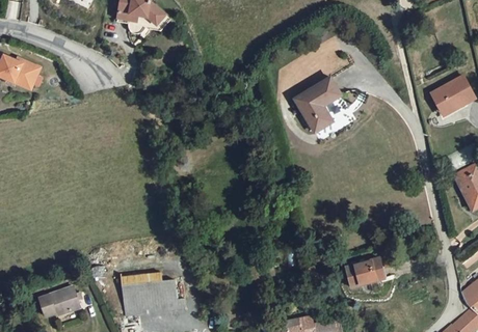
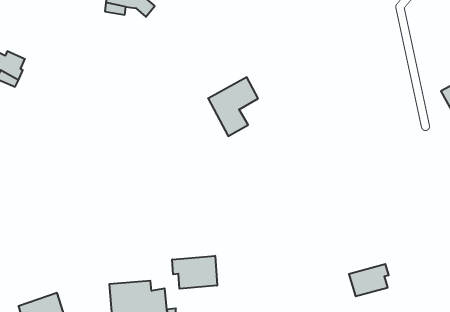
building: [292,79,339,134] -> [208,77,258,136]
building: none -> [172,256,217,289]

